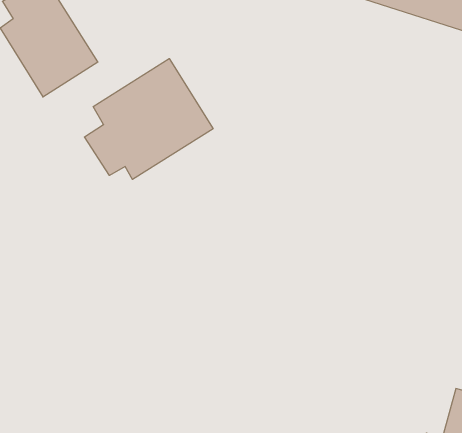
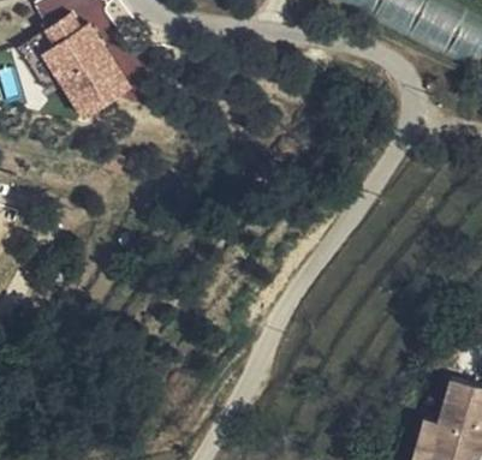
building: [84,59,213,179] -> none

